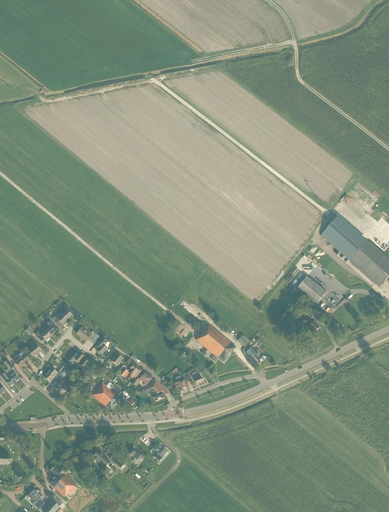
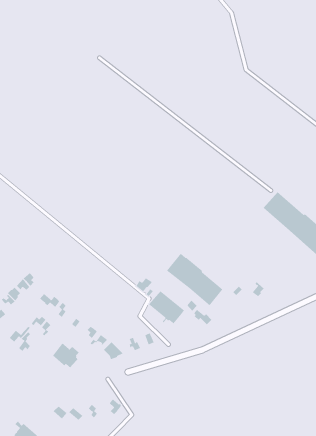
building: [297,275,326,302] -> none
building: none -> [166,253,223,306]

